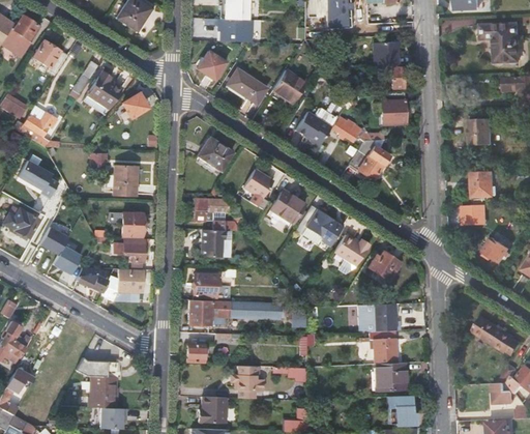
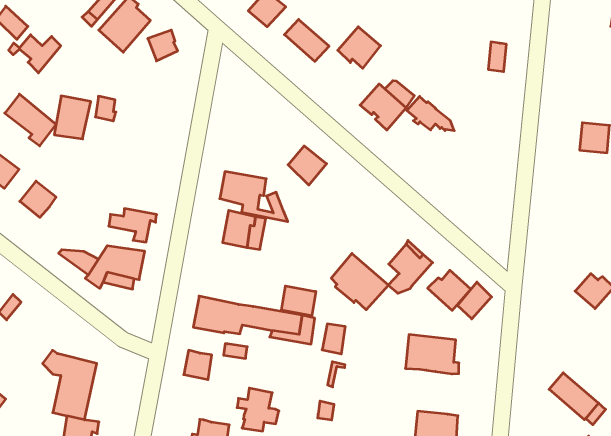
building: [373,41,398,67] -> none
building: [381,92,405,124] -> none
building: [198,136,235,171] -> none
building: [348,140,389,181] -> none
building: [112,165,137,196] -> [54,96,91,139]
building: [473,171,496,198] -> none
building: [271,189,307,225] -> none
building: [299,205,345,248] -> [331,253,388,310]
building: [464,205,488,224] -> none
building: [120,213,142,238] -> none
building: [52,245,81,274] -> none
building: none -> [457,282,492,319]
building: [194,272,220,296] -> none
building: none -> [281,286,316,316]
building: [372,330,399,364] -> none

